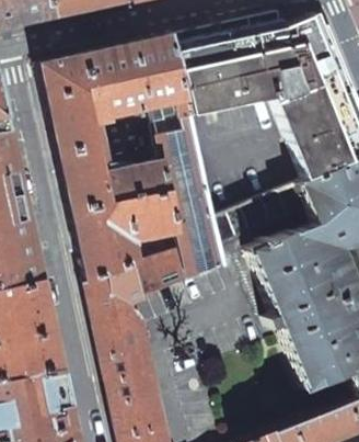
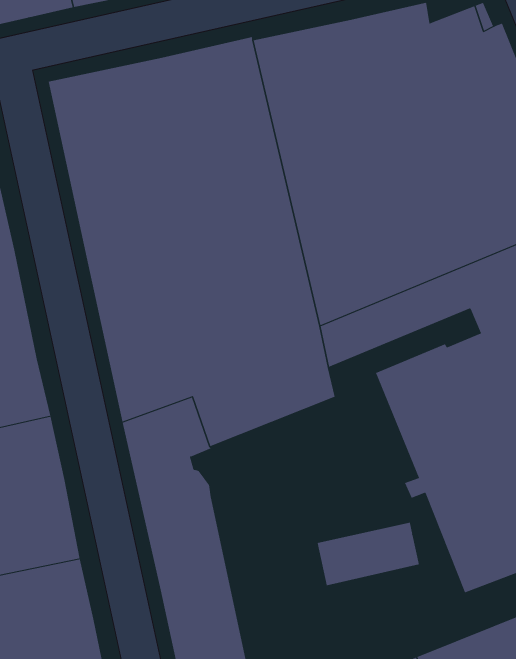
building: none -> [317,522,420,586]

